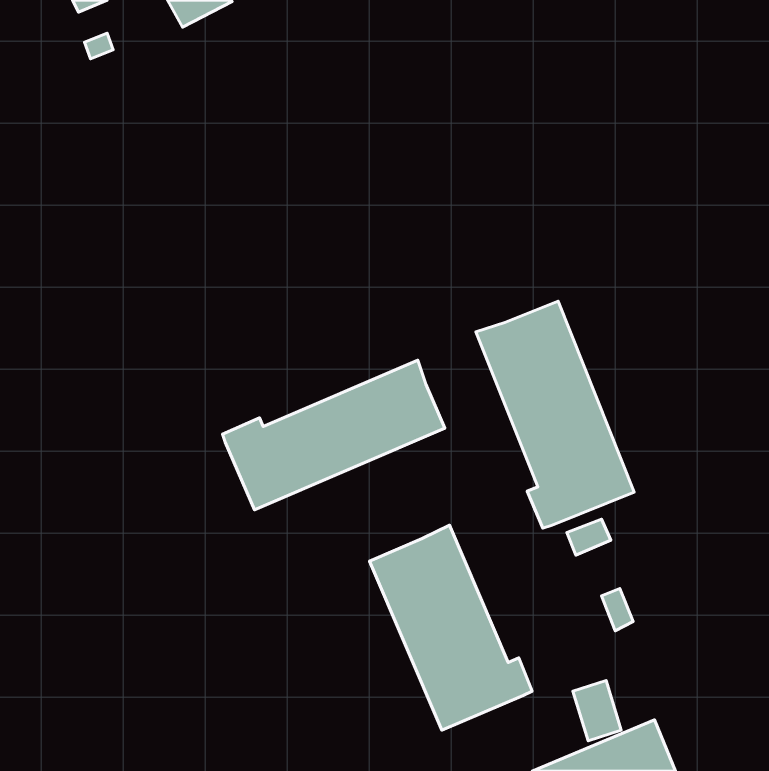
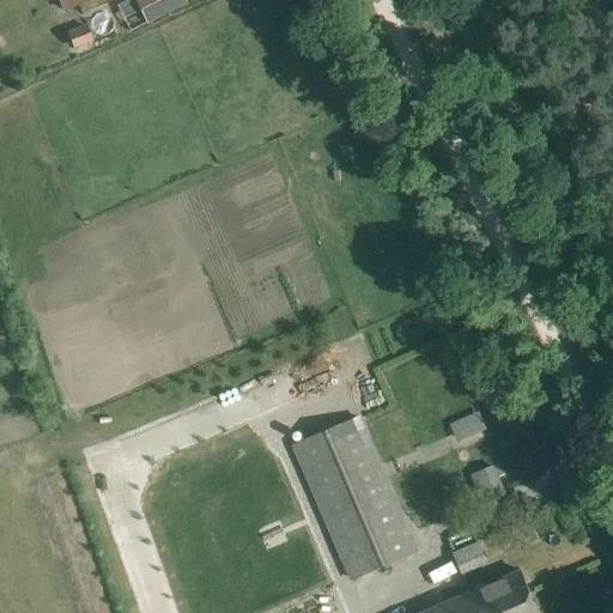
building: [476,301,634,528] -> none
building: [222,360,445,510] -> none

